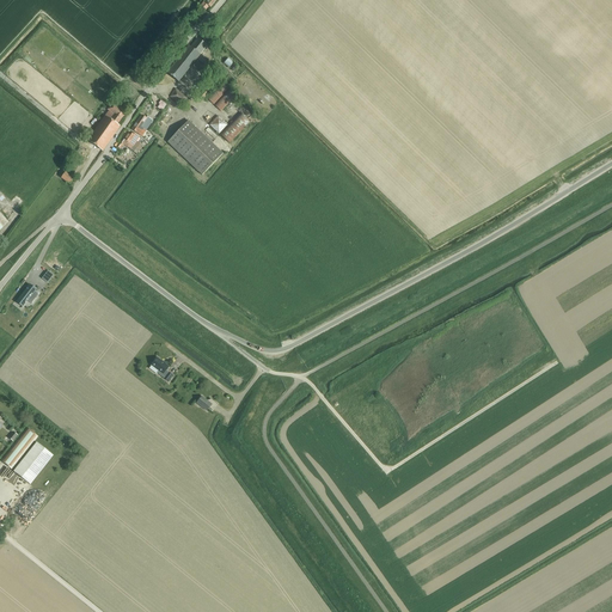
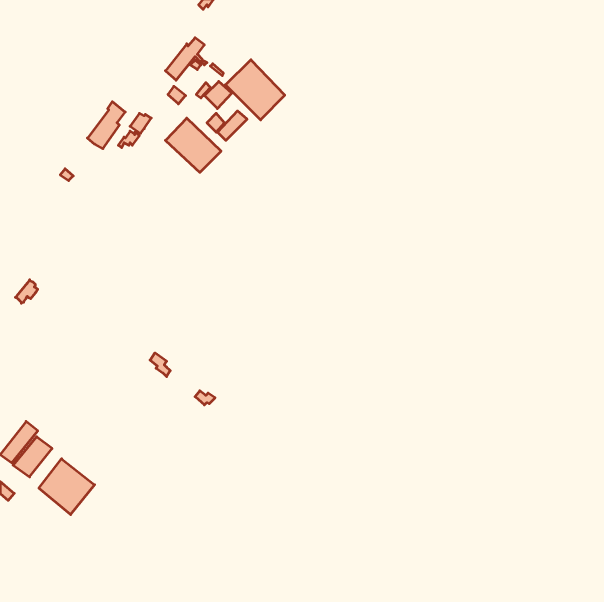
building: none -> [225,60,285,120]
building: none -> [39,459,95,515]

